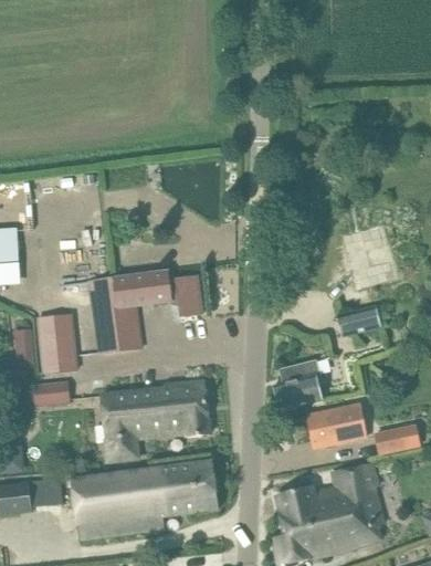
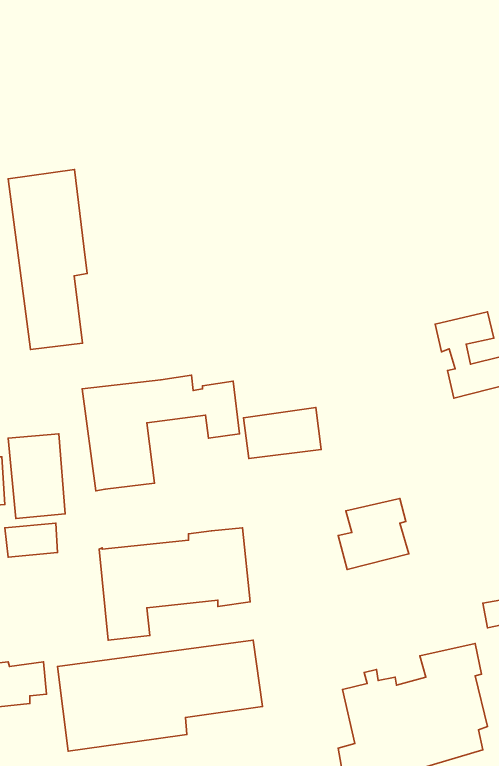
building: none -> [8,170,87,350]
building: none -> [244,407,321,459]
building: [339,307,382,335] -> none
building: [308,405,366,448] -> none

